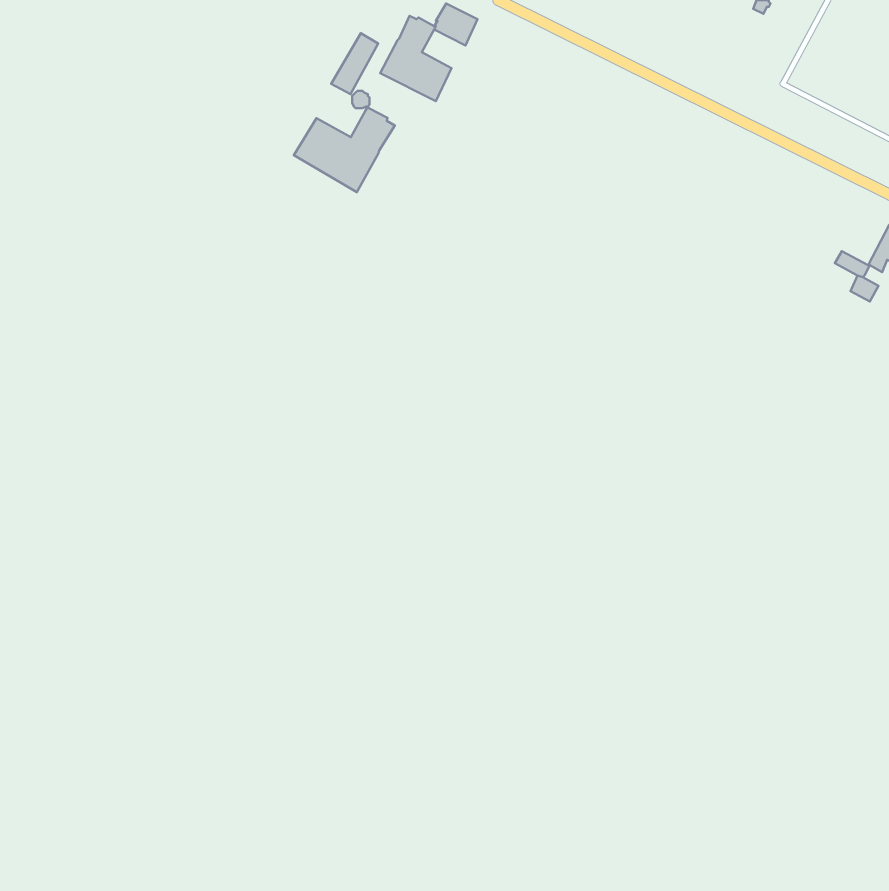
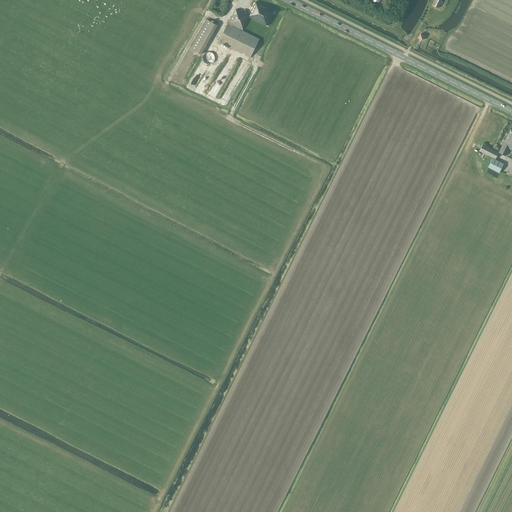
building: [294,106,395,192] -> none

